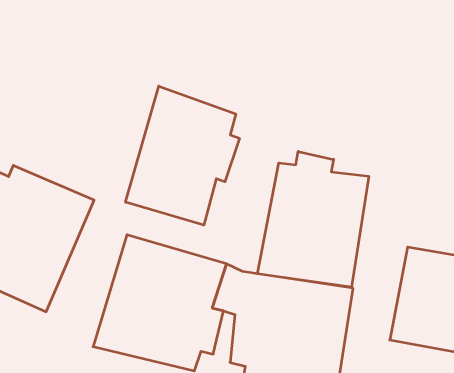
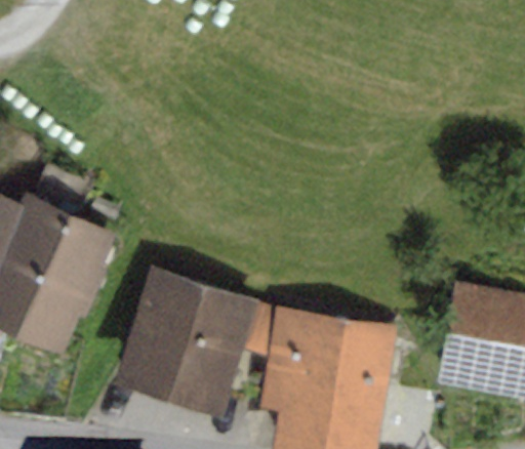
building: [126,86,239,225] -> none
building: [257,151,369,287] -> none

